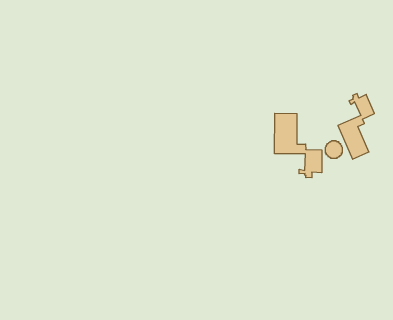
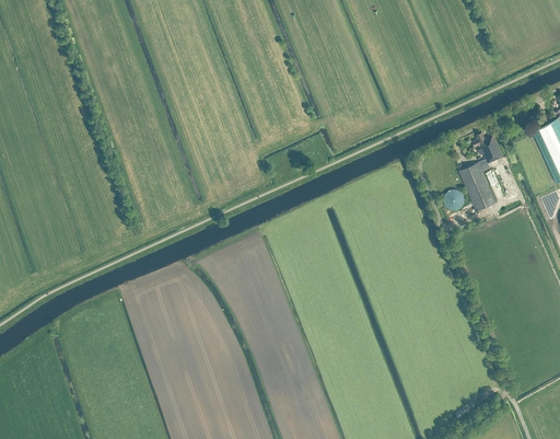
building: [275,113,322,178] -> none

